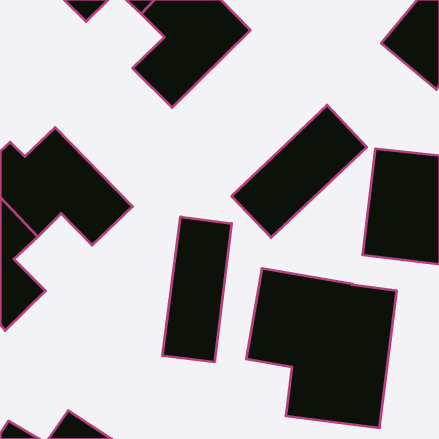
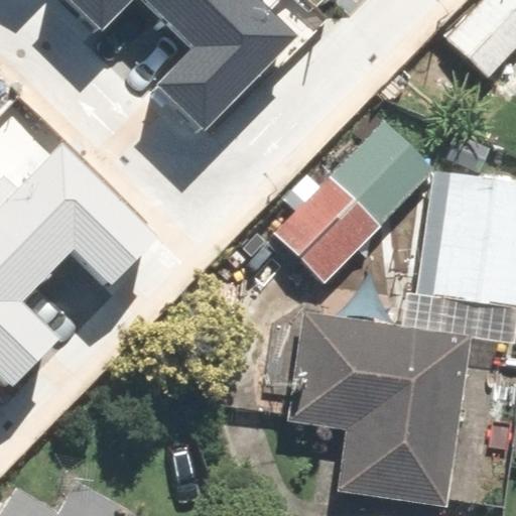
building: [163,217,232,362] -> none

